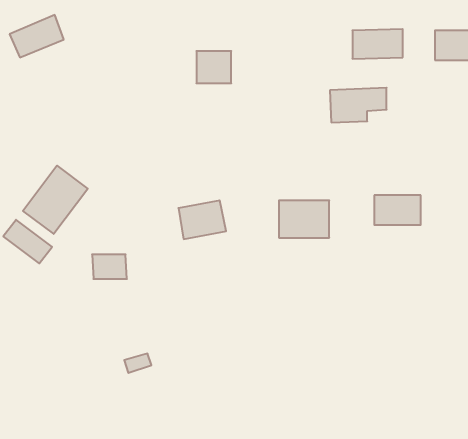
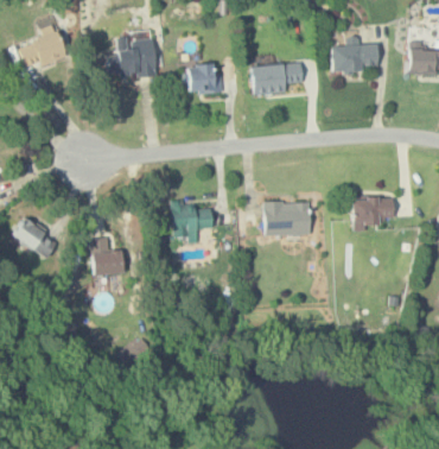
building: none -> [108,43,155,76]
building: [330,88,387,122] -> [253,62,305,94]
building: [23,166,88,234] -> none

